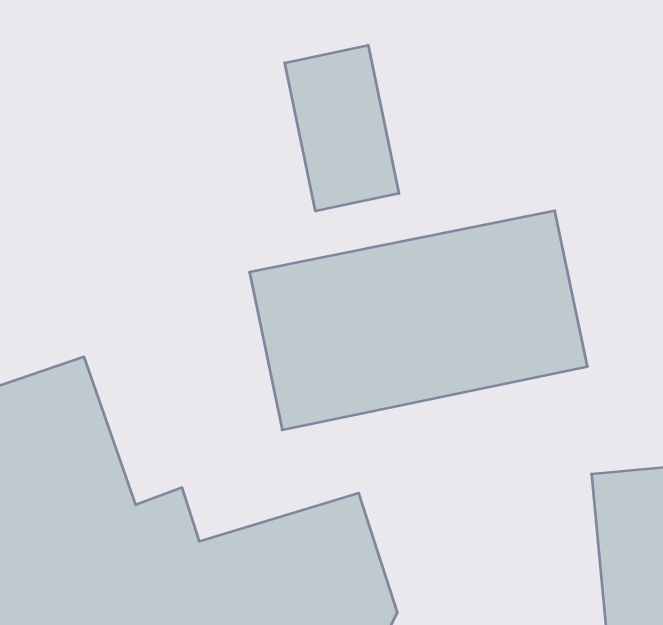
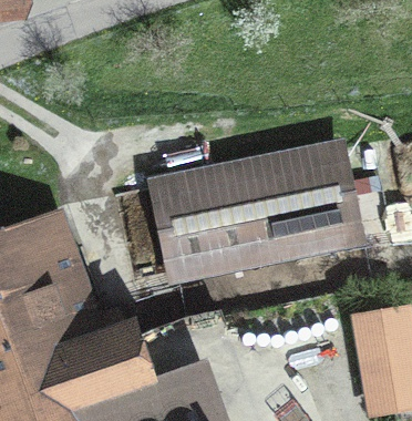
building: [285,45,399,211] -> none

